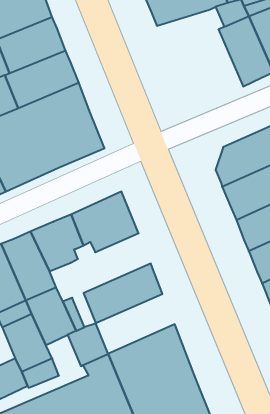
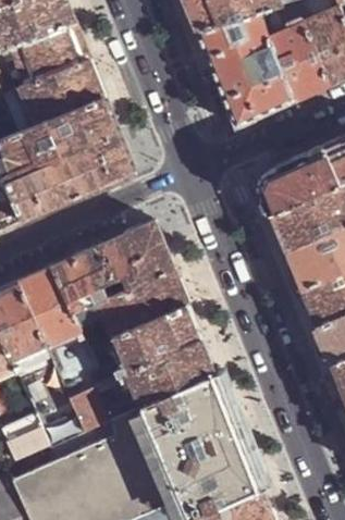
building: none -> [196,13,295,127]
building: none -> [97,270,189,338]
building: none -> [126,339,217,408]
building: none -> [69,386,109,433]

